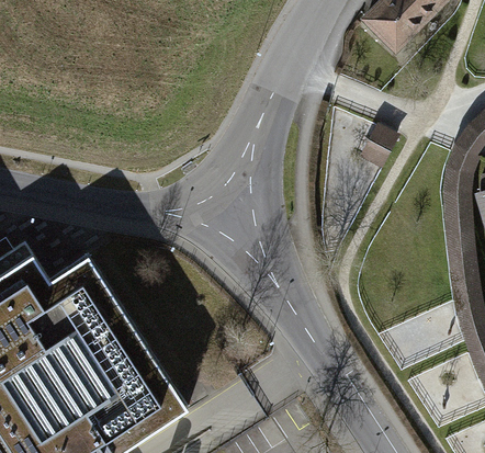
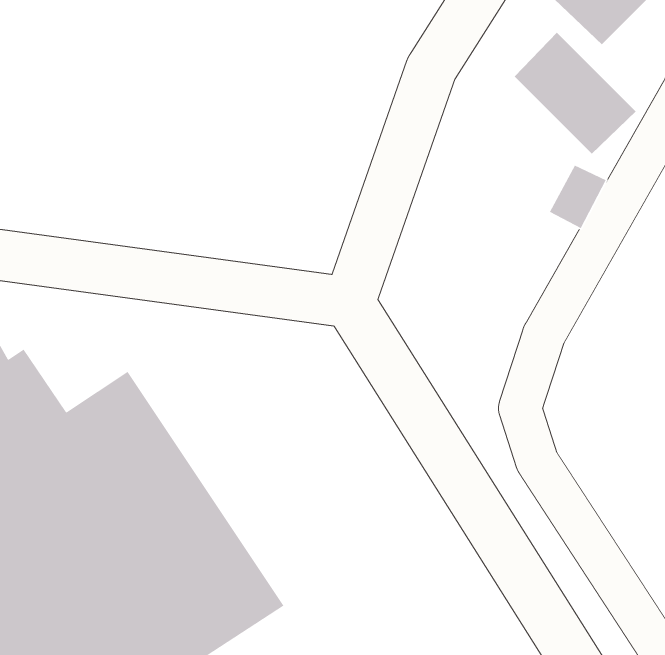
building: none -> [514,32,636,155]

